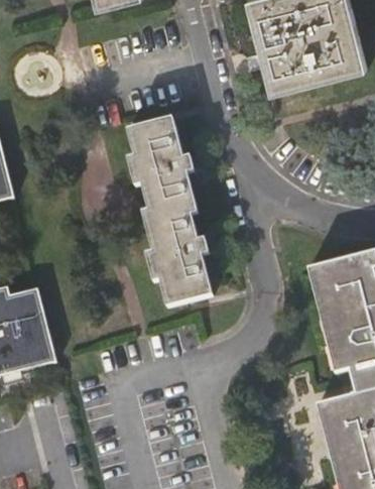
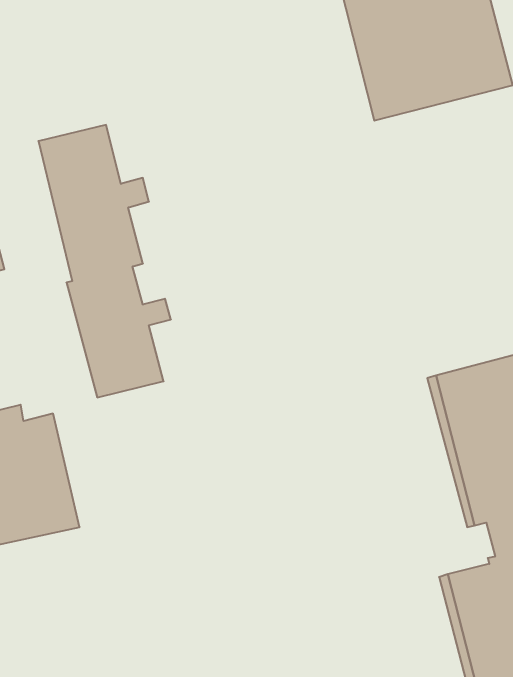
building: [125,119,216,305] -> [38,125,171,397]

